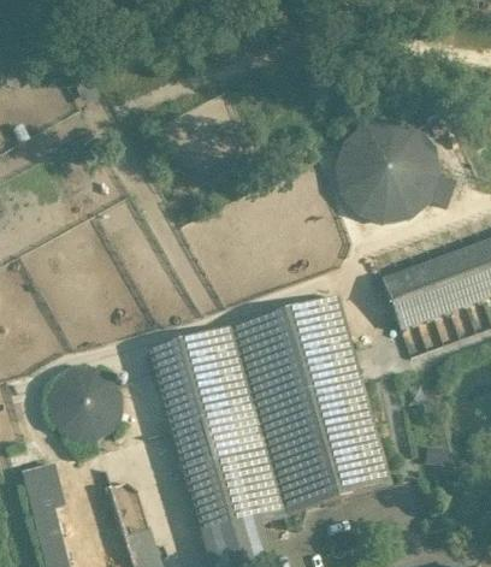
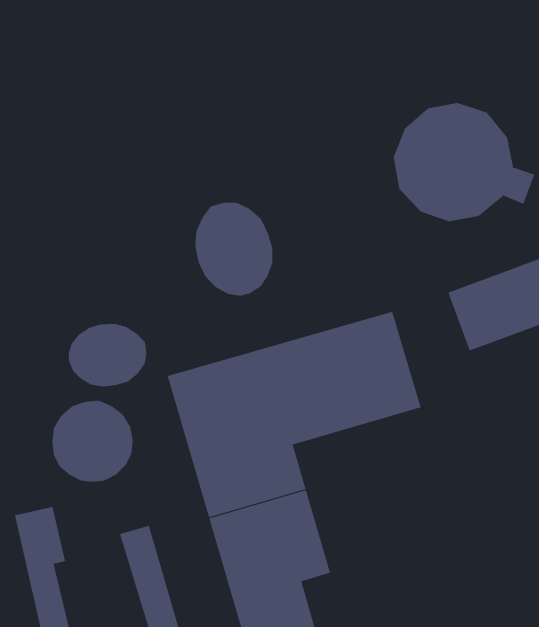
building: none -> [195,202,273,297]
building: none -> [68,323,147,387]
building: [254,374,392,513] -> none

